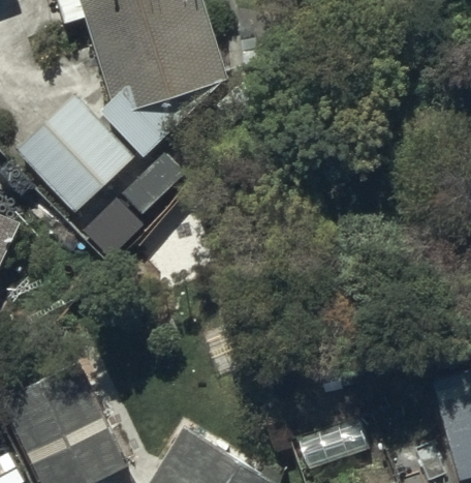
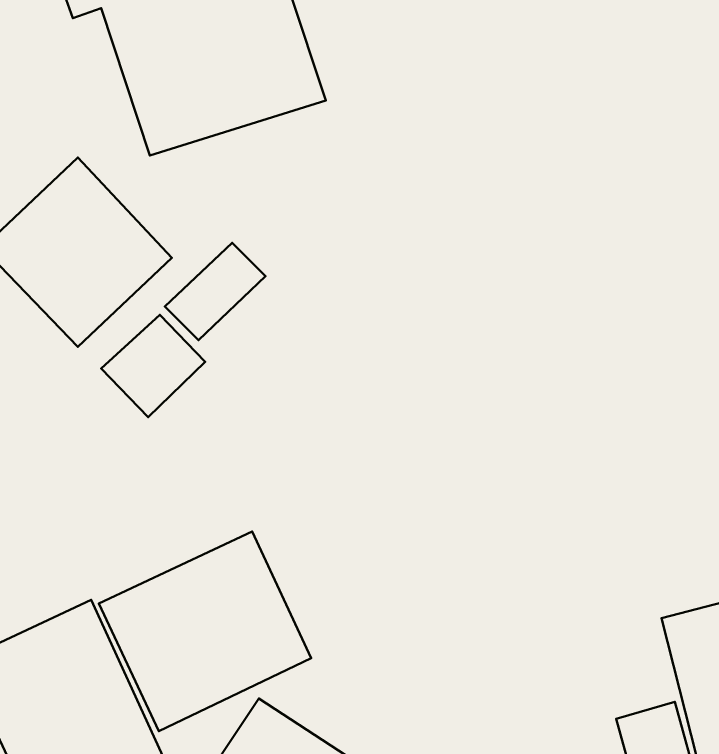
building: none -> [99,532,311,731]

